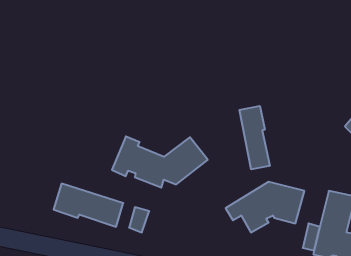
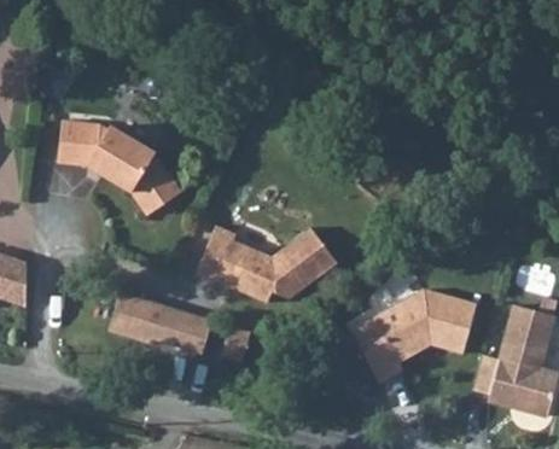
building: none -> [57,126,176,218]
building: [239,106,270,169] -> none

